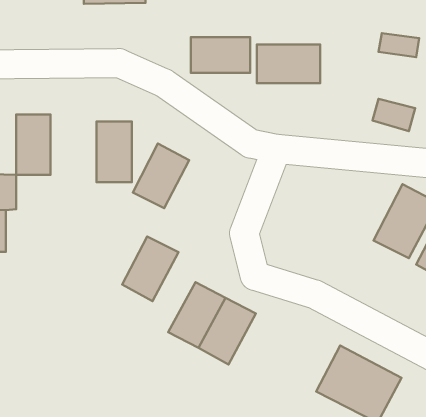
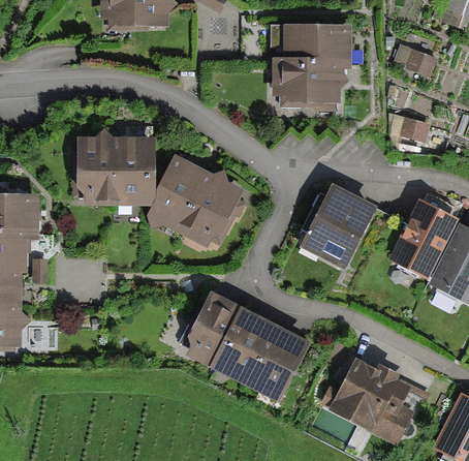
building: [191,37,250,73] -> [288,28,347,63]
building: [16,114,51,175] -> [83,140,117,199]
building: none -> [304,188,373,265]
building: [122,237,178,301] -> [184,178,240,242]
building: none -> [248,330,305,396]

